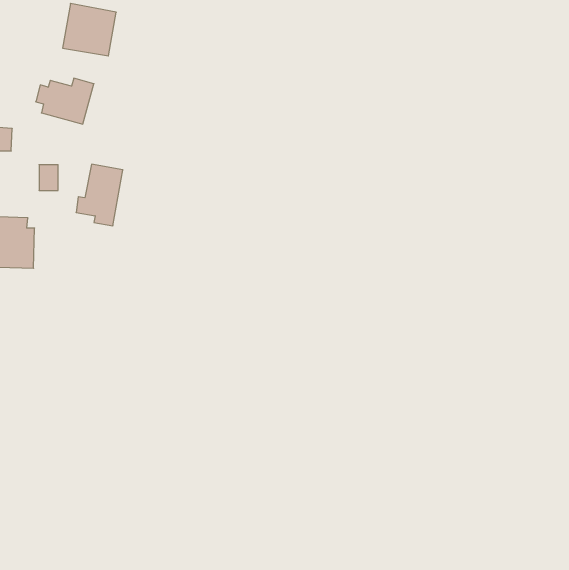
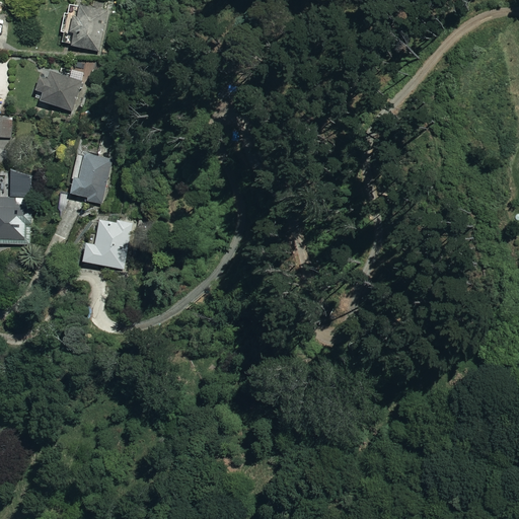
building: [39,165,58,190] -> [9,171,26,195]
building: none -> [81,218,132,270]

